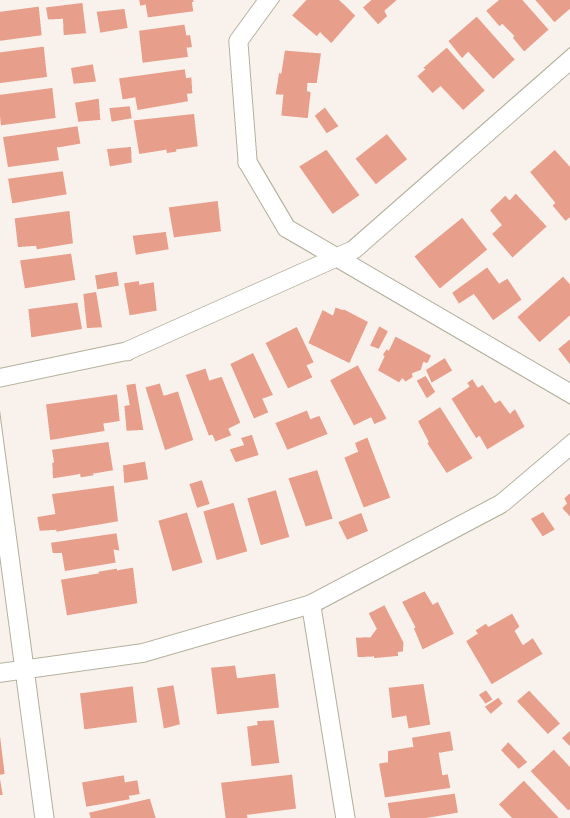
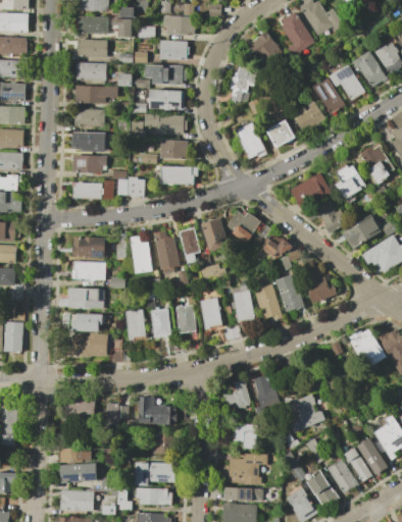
building: none -> [295,102,323,133]
building: none -> [145,114,187,134]
building: none -> [159,166,197,185]
building: [329,364,388,426] -> [254,283,283,318]

